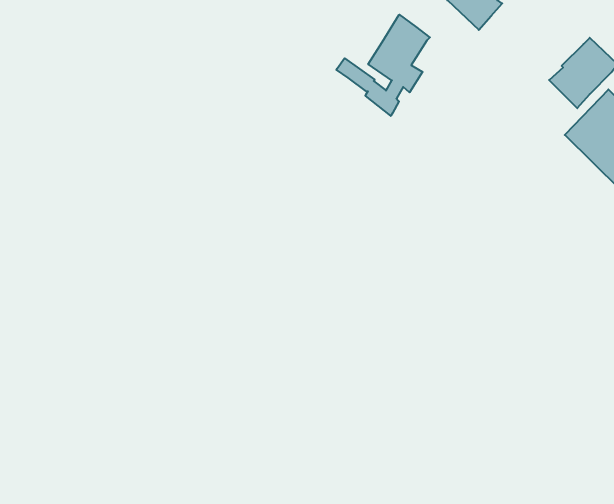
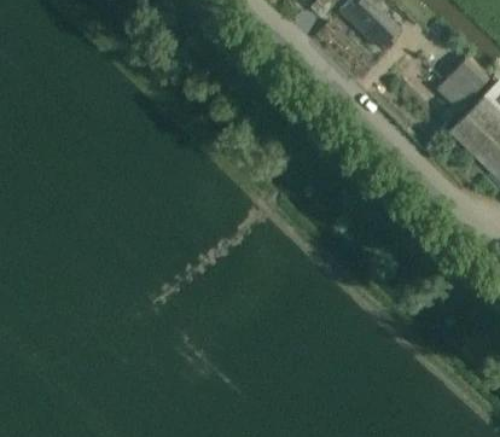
building: [336,15,430,116] -> none

